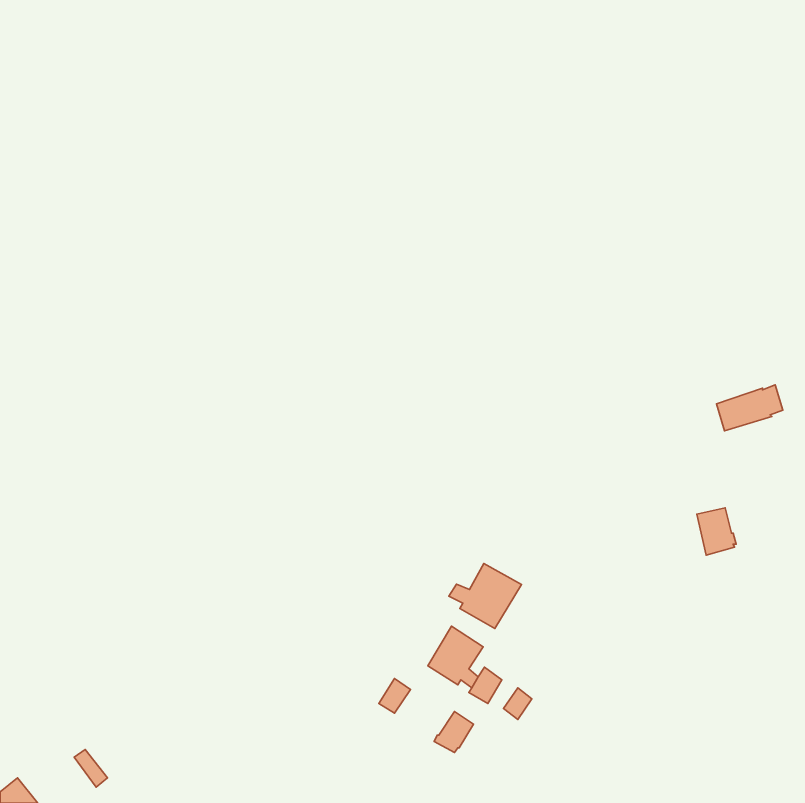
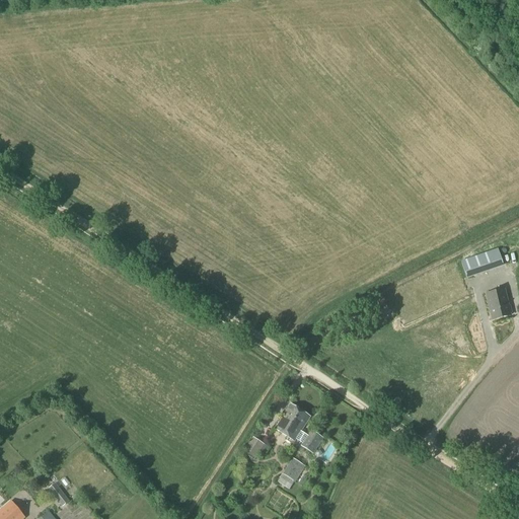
building: [697,508,736,555] -> [487,288,512,318]
building: [449,564,521,629] -> none

